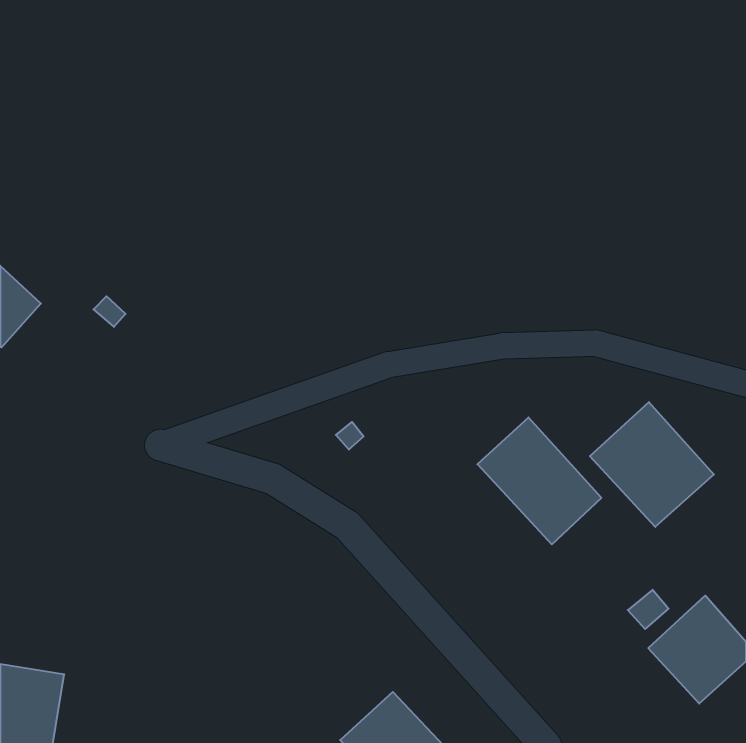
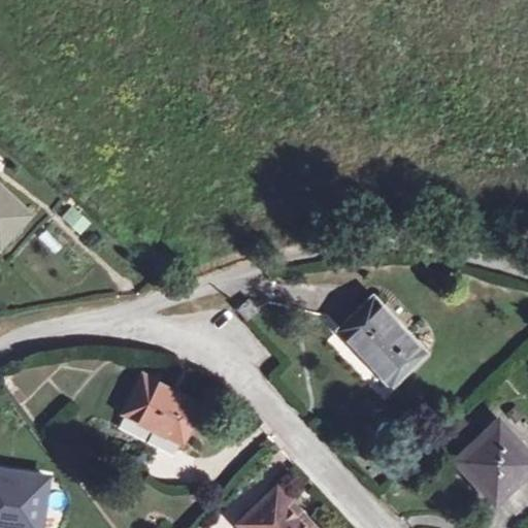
building: [590,402,714,527] -> none
building: none -> [125,377,200,451]

